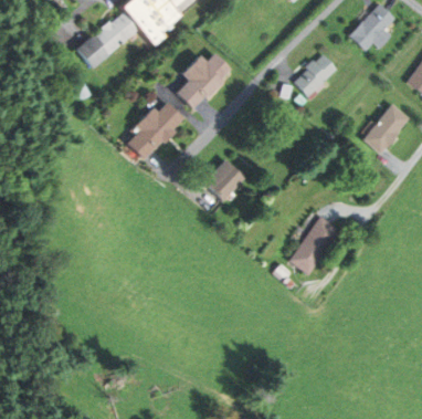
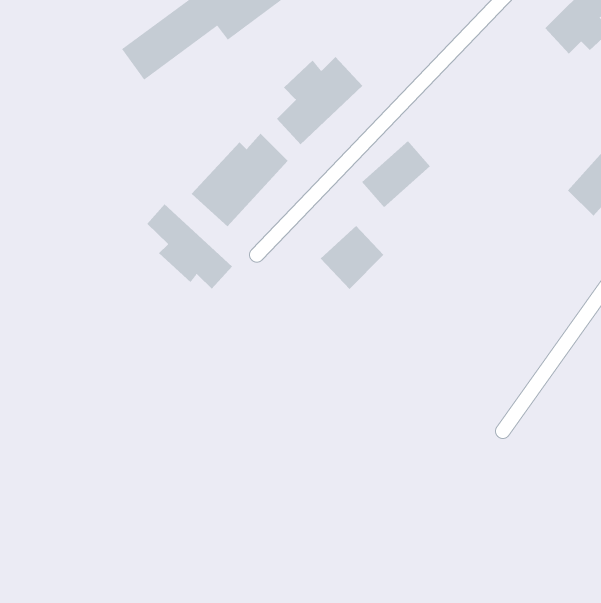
building: [292,53,336,96] -> [361,140,431,208]
building: none -> [146,204,233,289]
building: [293,214,342,274] -> none

